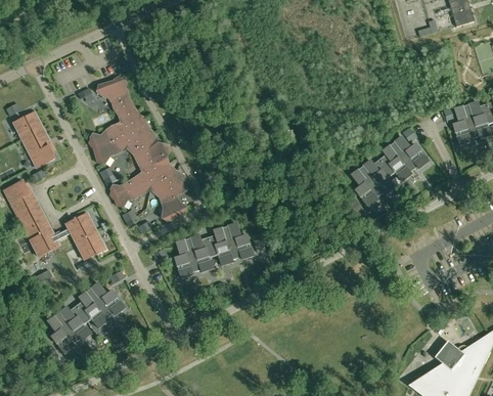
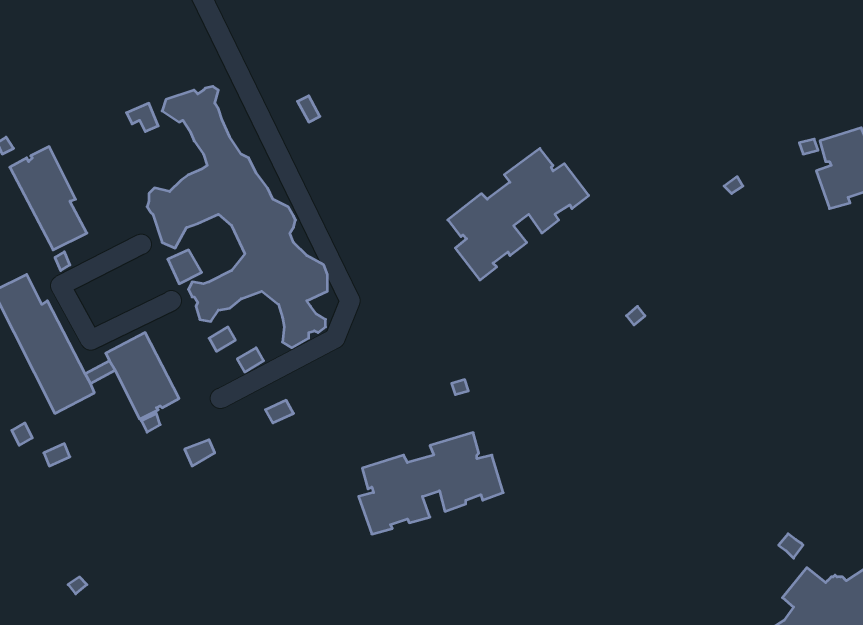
building: [351,136,428,208] -> [448,148,589,280]
building: [174,223,253,278] -> [359,433,503,534]
building: [47,282,125,354] -> none

